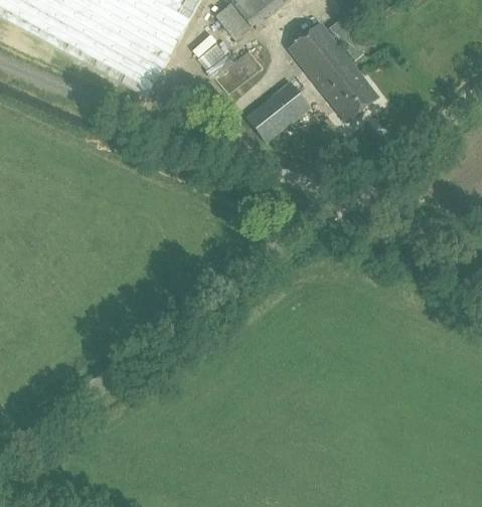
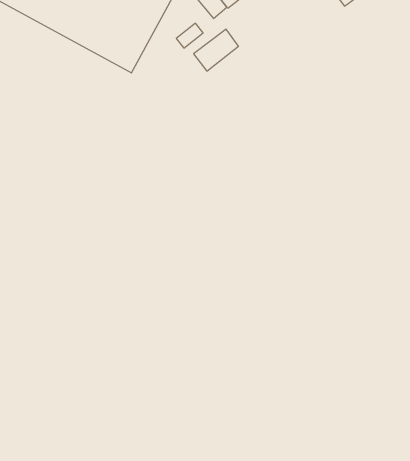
building: [290,22,377,120] -> none
building: [245,78,310,141] -> none

